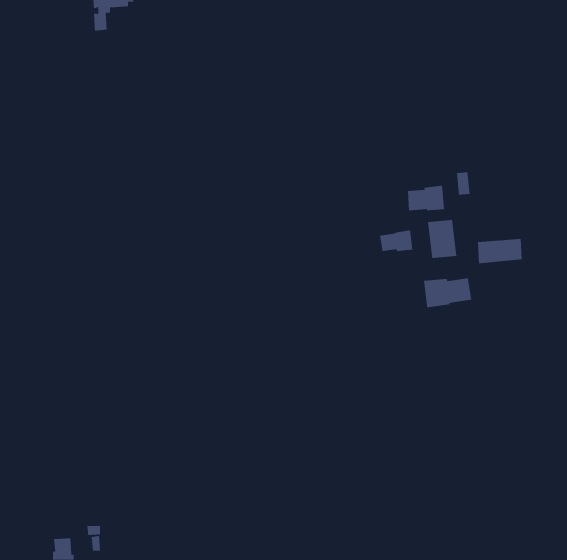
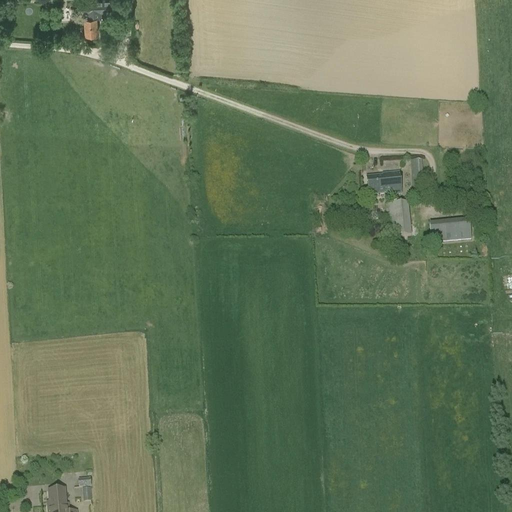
building: [379,230,413,252] -> none
building: [423,278,472,308] -> none

